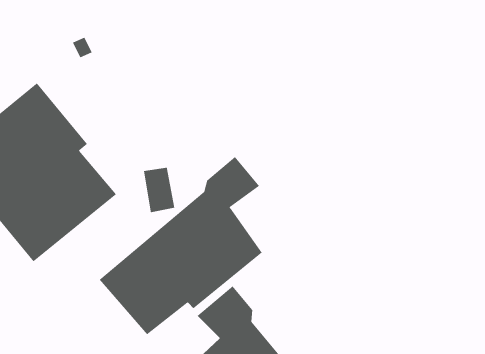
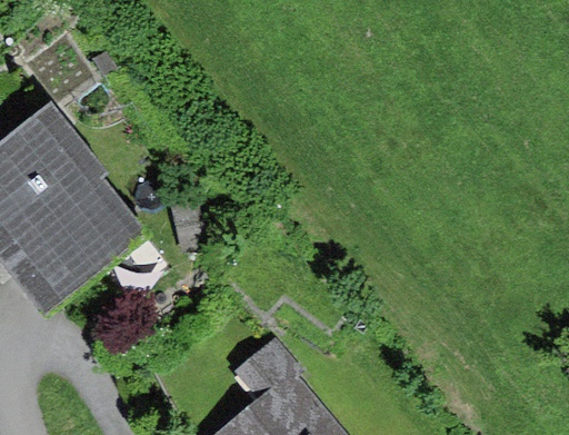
building: [99,156,262,335] -> none

